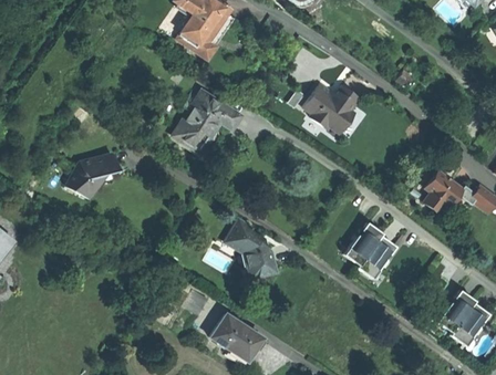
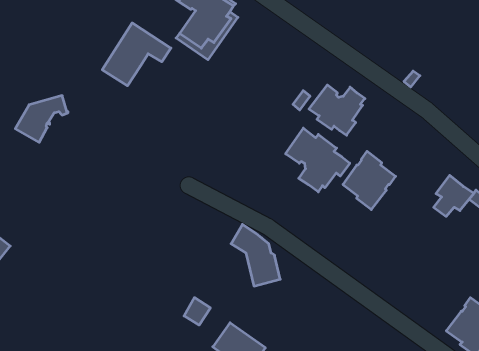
building: [173,91,239,152] -> [102,23,171,86]
building: none -> [286,128,350,192]
building: [66,154,117,199] -> [15,96,68,142]
building: [344,222,395,279] -> [343,151,396,210]

